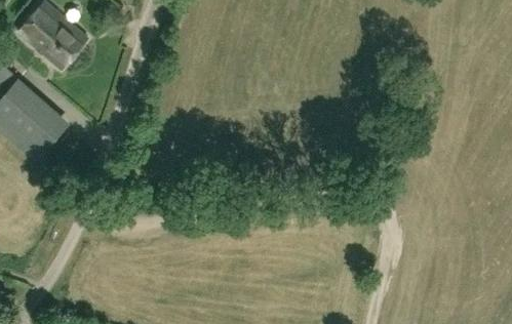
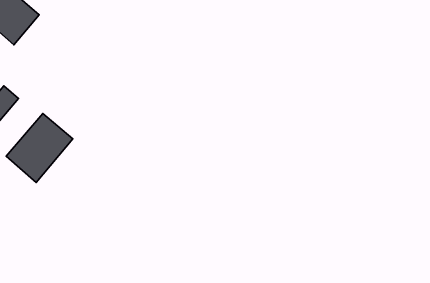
building: none -> [6,113,73,182]

